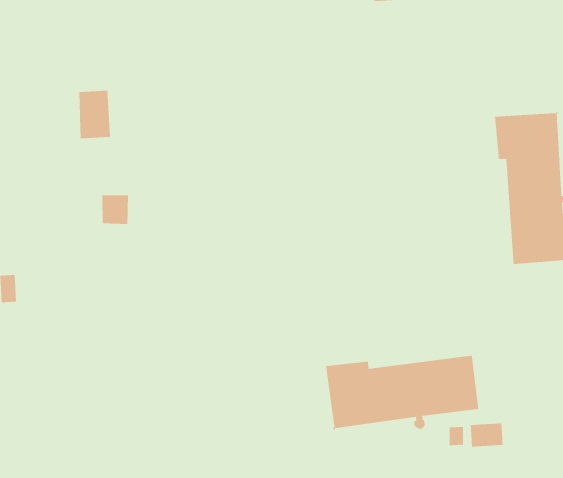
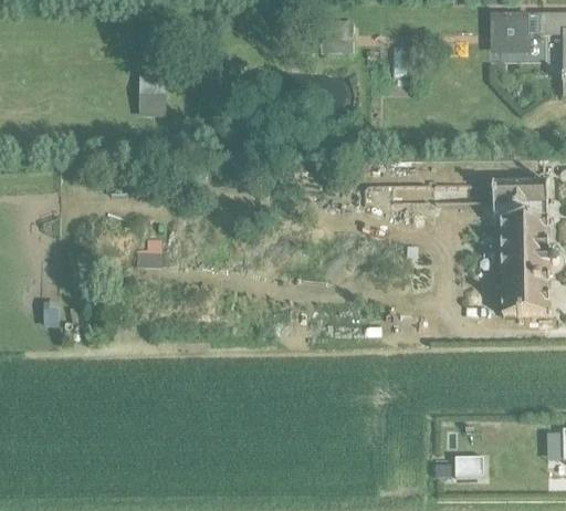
building: [78,90,111,139] -> [138,74,166,116]
building: [325,355,479,430] -> none

